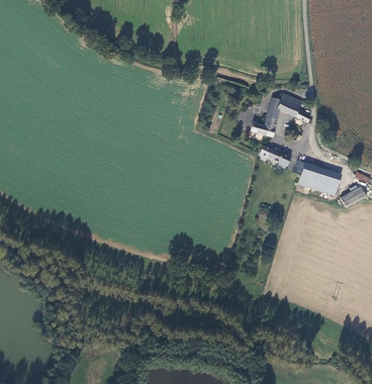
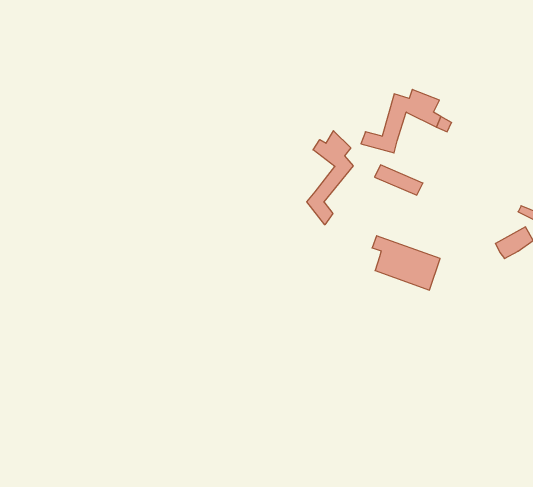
building: none -> [307,131,353,225]
building: [295,161,341,197] -> [372,236,440,290]

